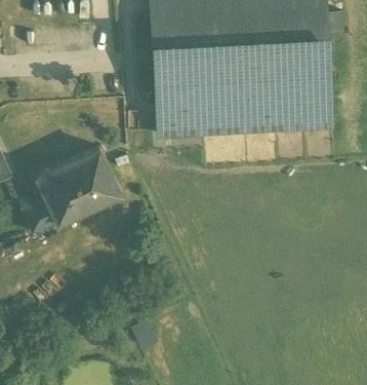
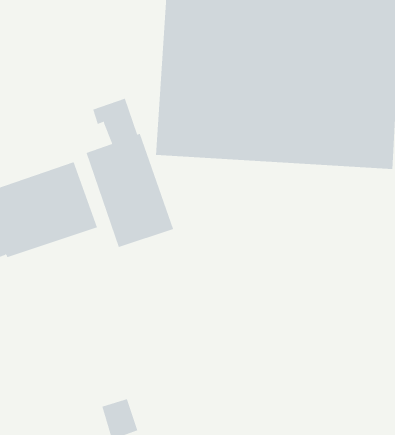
building: none -> [86,98,174,248]

